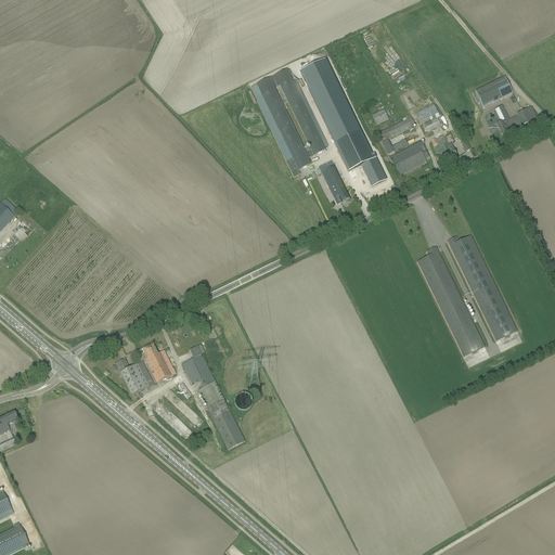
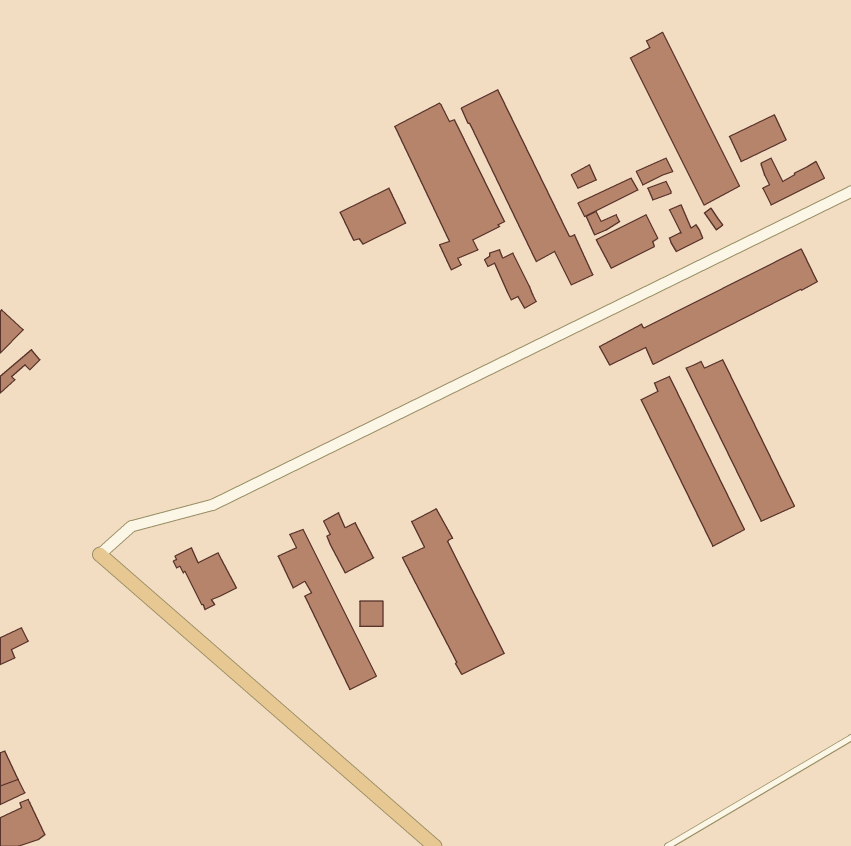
building: none -> [630,32,739,205]
building: none -> [340,188,405,244]
building: none -> [600,249,817,365]
building: none -> [403,509,504,674]
building: [143,343,176,382] -> [324,513,374,573]

